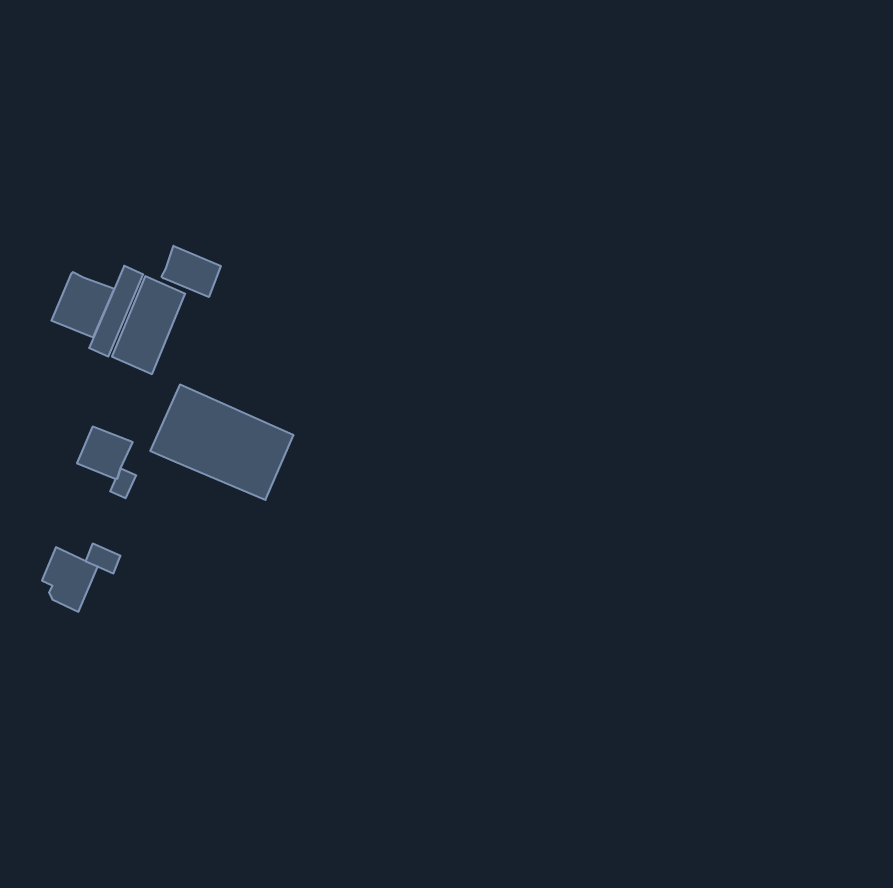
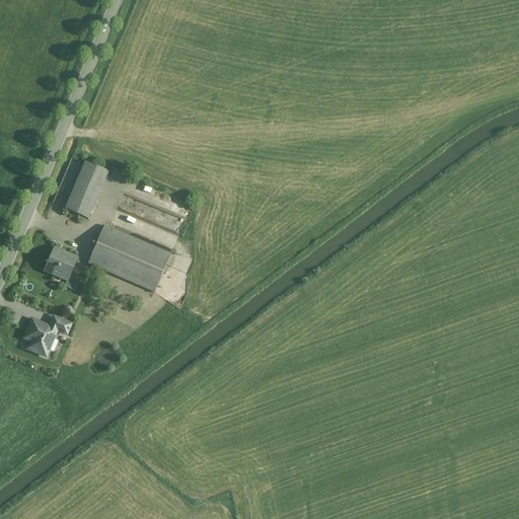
building: [162,246,221,297] -> none
building: [51,272,114,337] -> none

